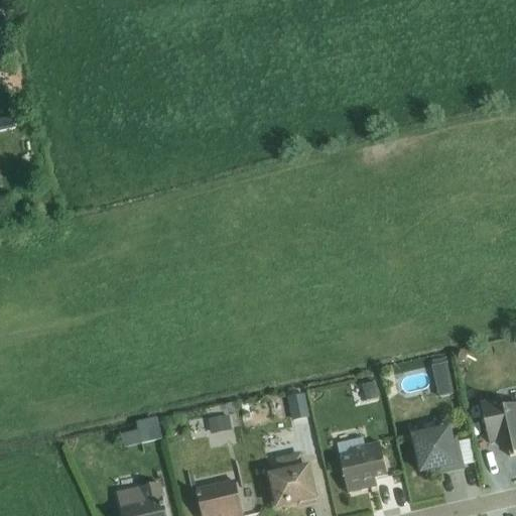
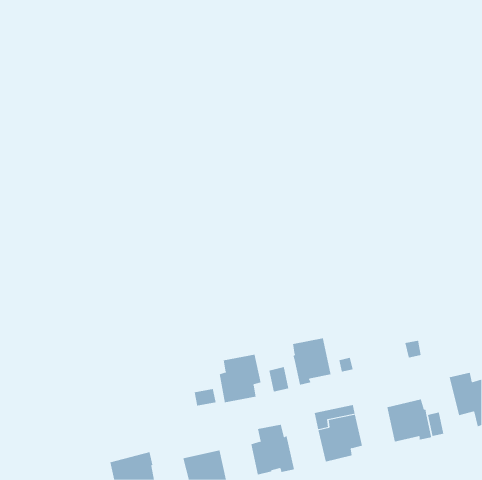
building: none -> [292,338,331,385]
building: none -> [219,354,261,403]
building: [120,416,161,447] -> none

